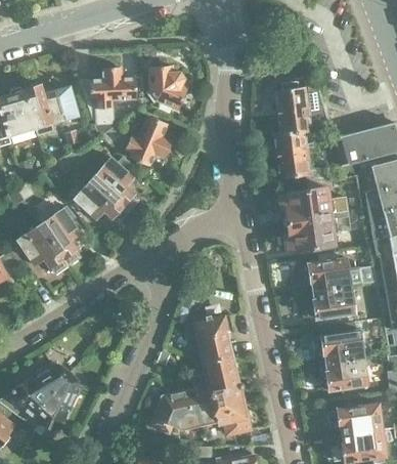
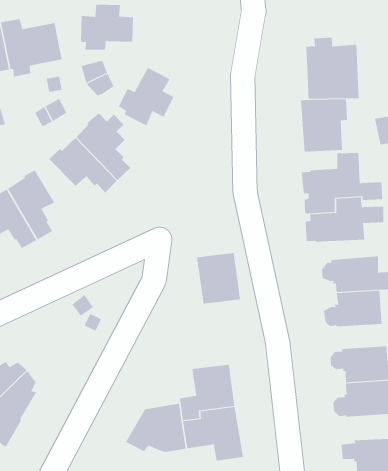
building: [143,67,187,110] -> none
building: [194,315,233,360] -> [196,253,241,304]

